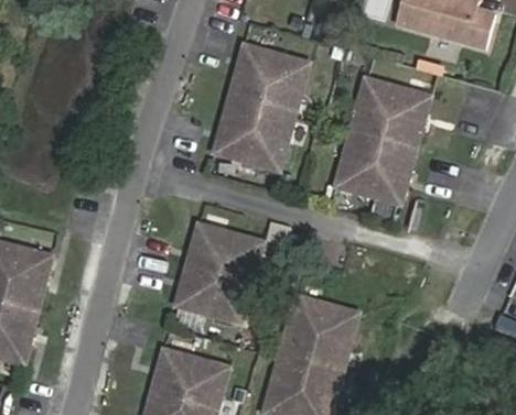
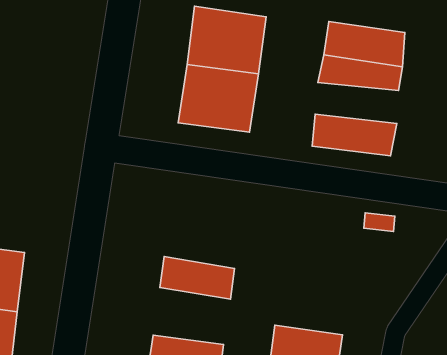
building: [342,131,423,179] -> none
building: [182,223,262,296] -> none
building: [278,296,357,372] -> none

